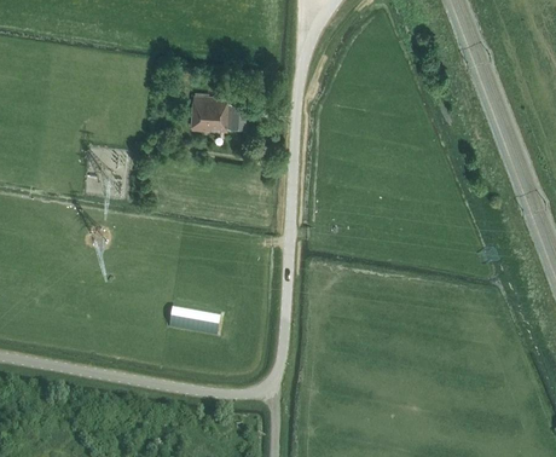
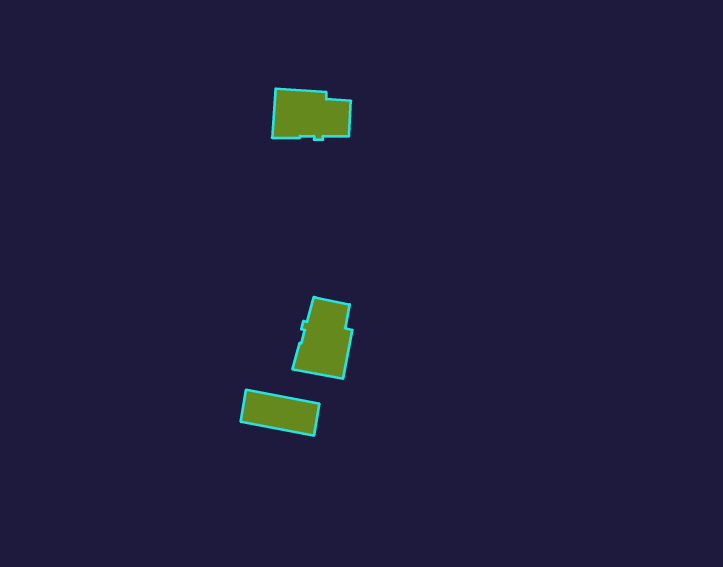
building: none -> [293,297,352,379]

